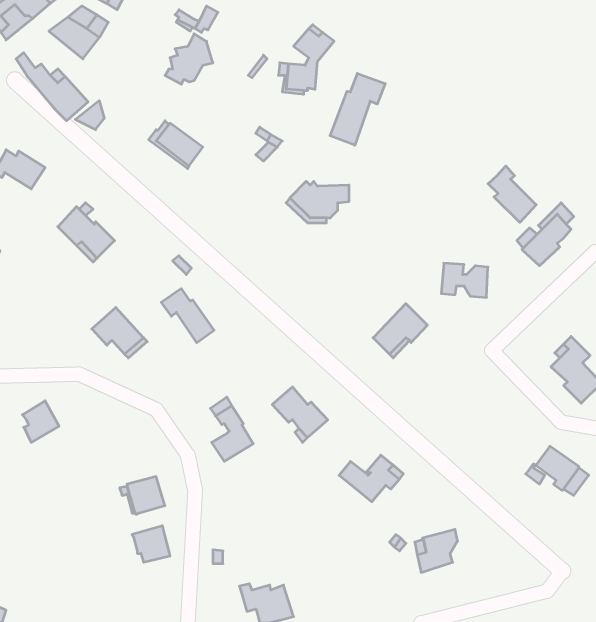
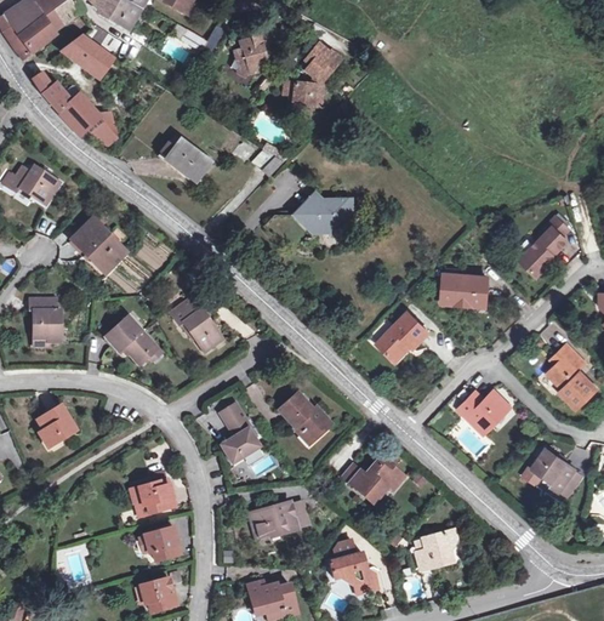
building: [165,34,213,84] -> [229,27,275,75]
building: [330,73,385,145] -> none
building: [488,166,536,222] -> none
building: none -> [28,298,59,341]
building: none -> [457,392,508,434]
building: none -> [249,501,308,536]
building: none -> [327,537,378,593]
building: none -> [139,577,176,611]

